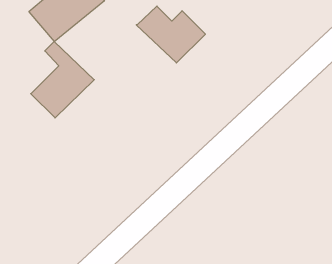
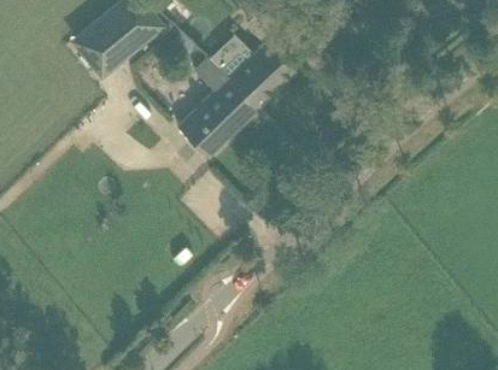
building: [31,42,94,118] -> [177,59,259,158]

